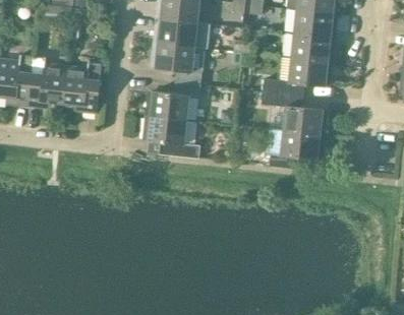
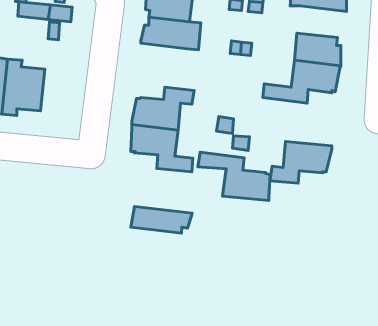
building: [293,9,338,38] -> none
building: [152,43,205,85] -> none
building: [62,62,102,114] -> none
building: [261,91,326,135] -> [198,152,270,201]
building: none -> [131,207,192,233]

